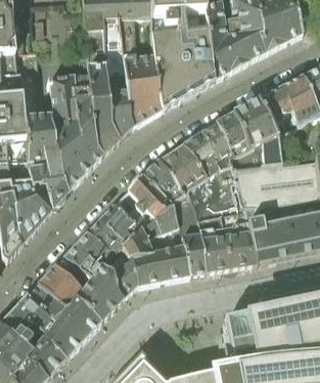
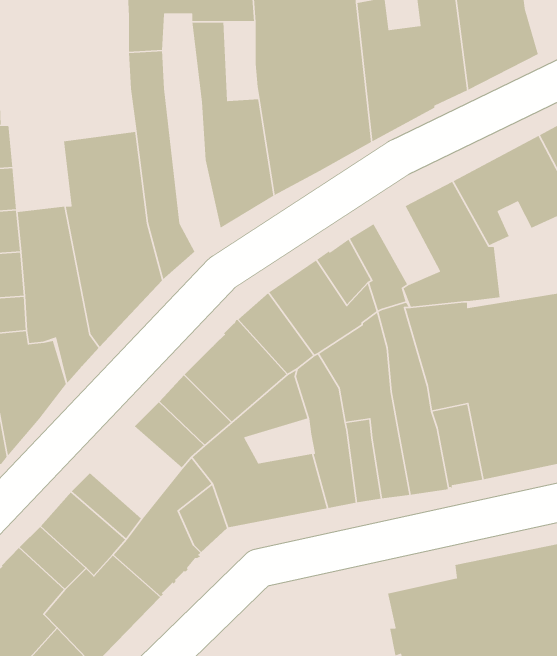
building: [102,11,133,138] -> none
building: [215,114,249,156] -> none
building: [63,231,112,281] -> none

